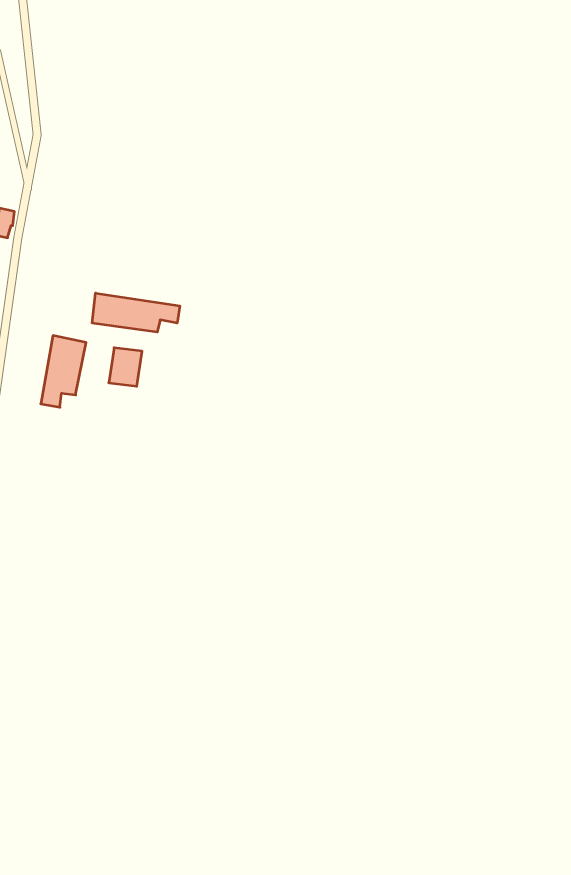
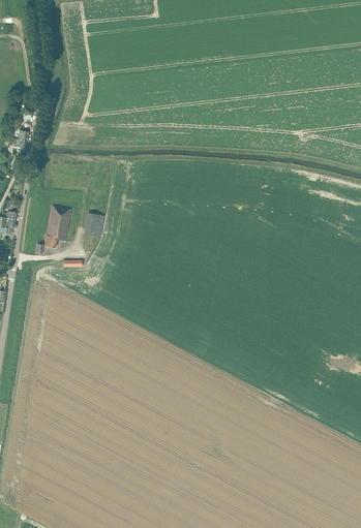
building: [92,293,180,332] -> none

